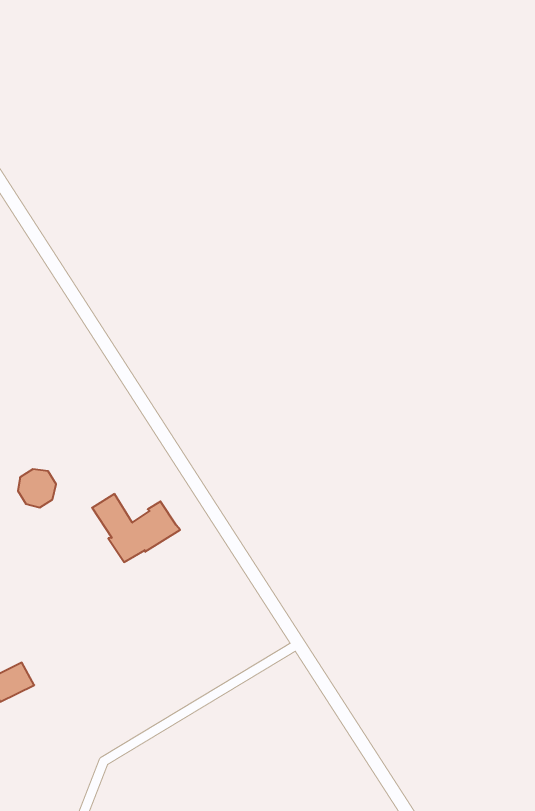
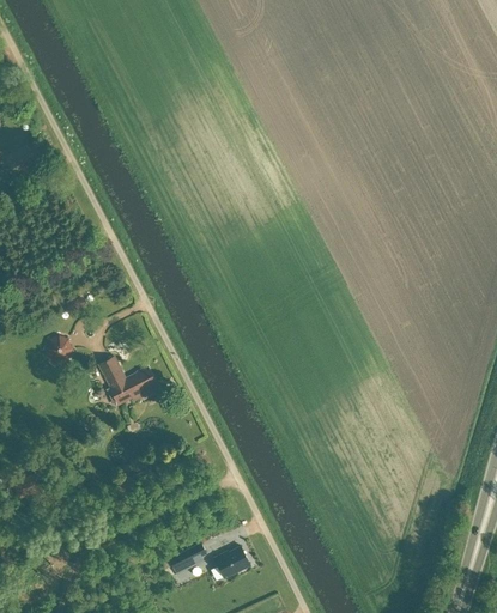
building: none -> [213,546,250,579]
building: none -> [169,544,206,575]

